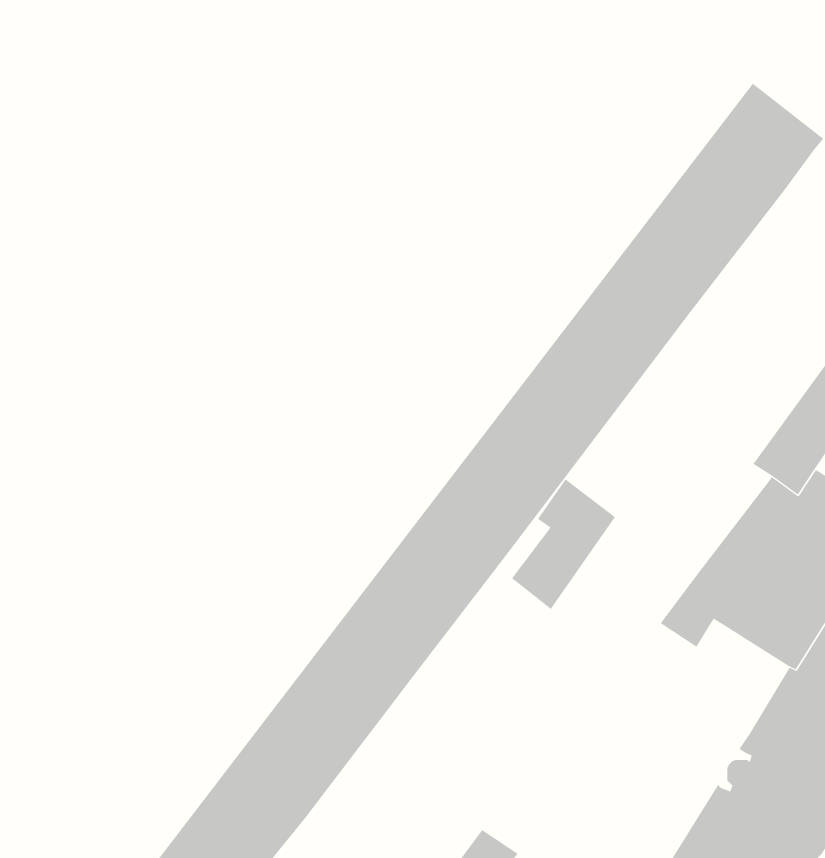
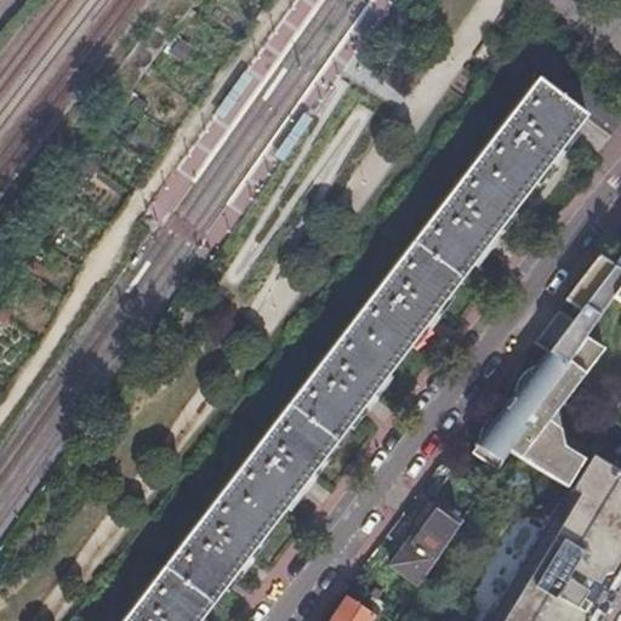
building: [511,479,616,610] -> [389,497,462,588]

